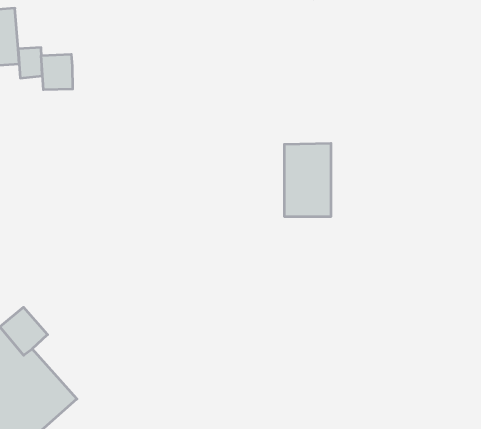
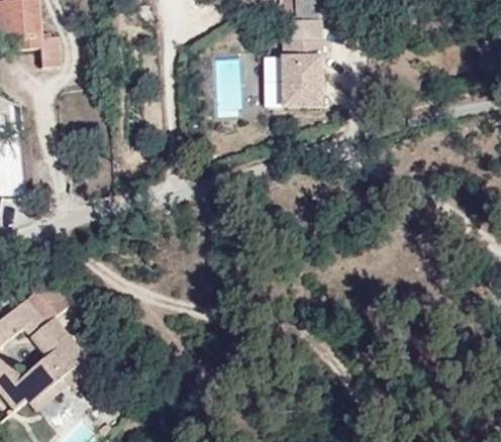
building: [41,54,73,90] -> none
building: [284,143,331,216] -> [278,43,321,111]

